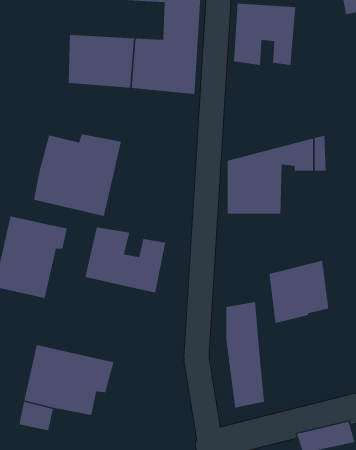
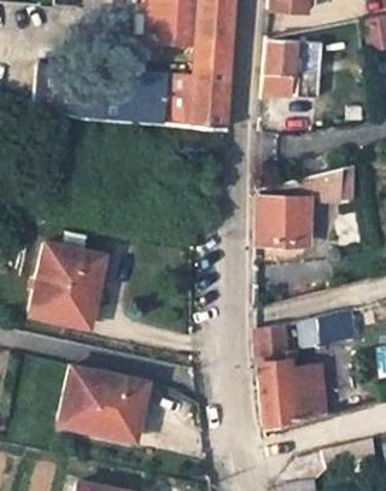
building: [33,134,122,217] -> none
building: [84,226,166,294] -> none
building: none -> [287,364,324,422]

